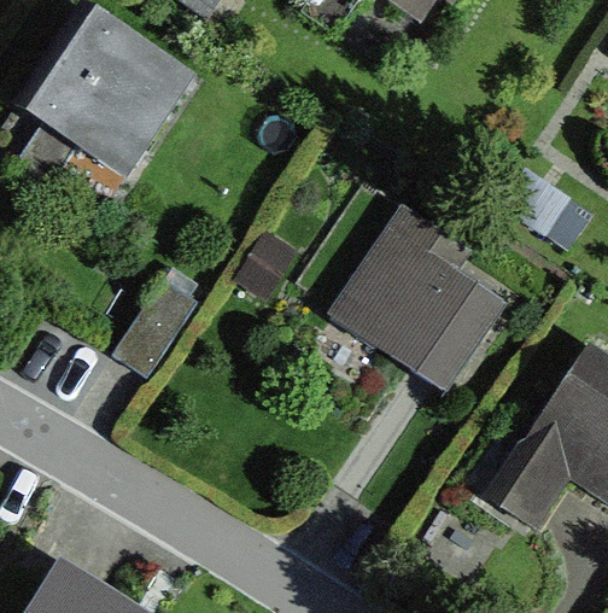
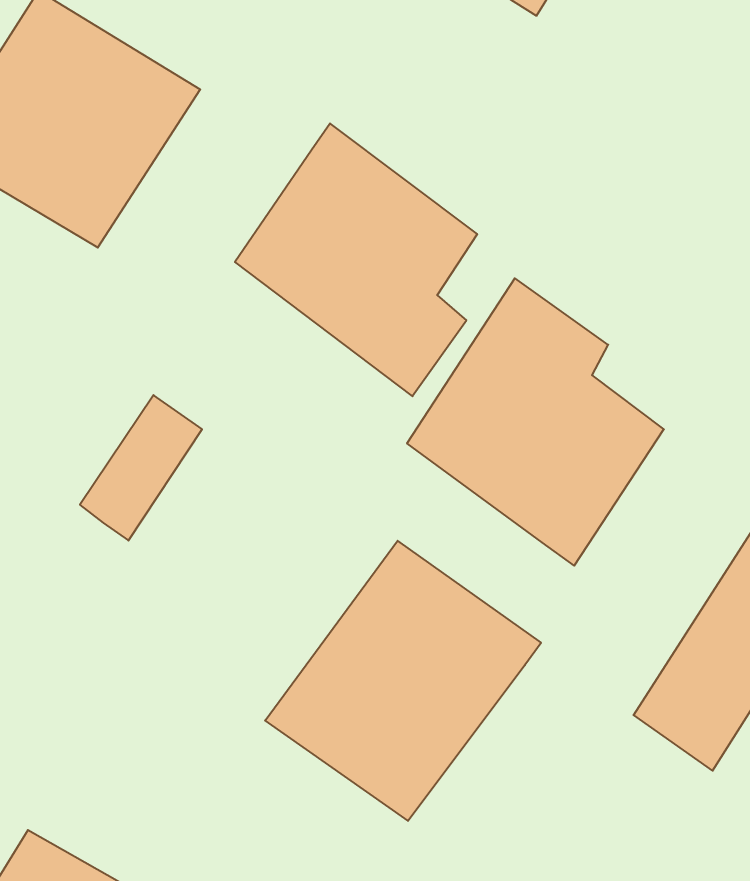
building: none -> [235,123,477,396]
building: none -> [265,541,541,821]

